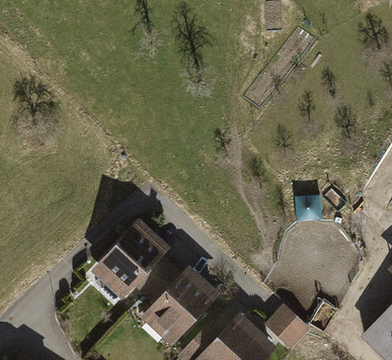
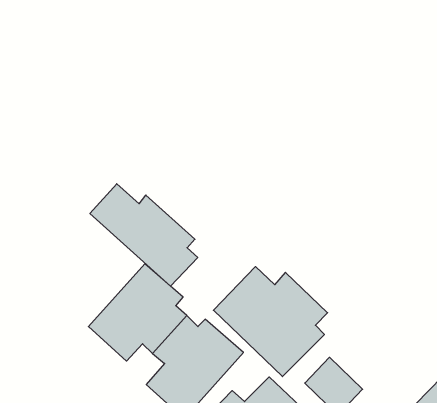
building: none -> [90,184,198,286]
building: none -> [213,267,328,377]

